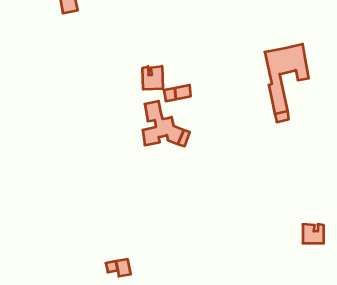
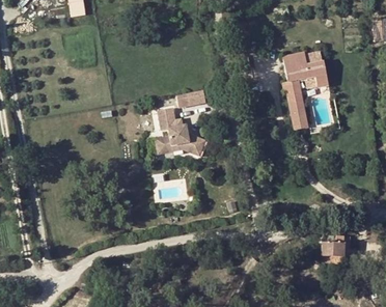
building: [143,66,163,89] -> none

